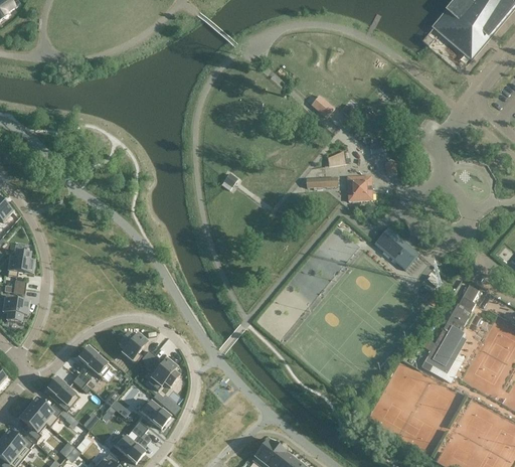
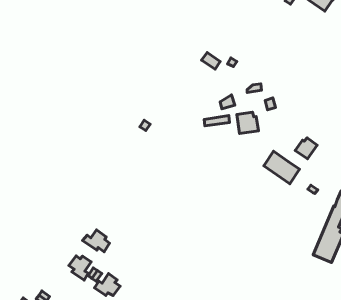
building: none -> [295,138,317,159]
building: none -> [83,230,110,252]
building: [77,346,110,376] -> none

